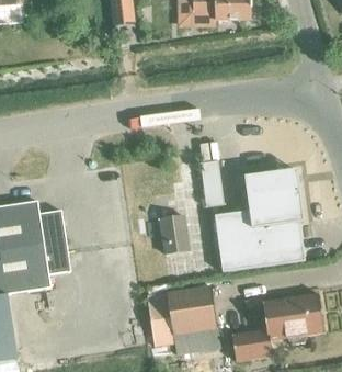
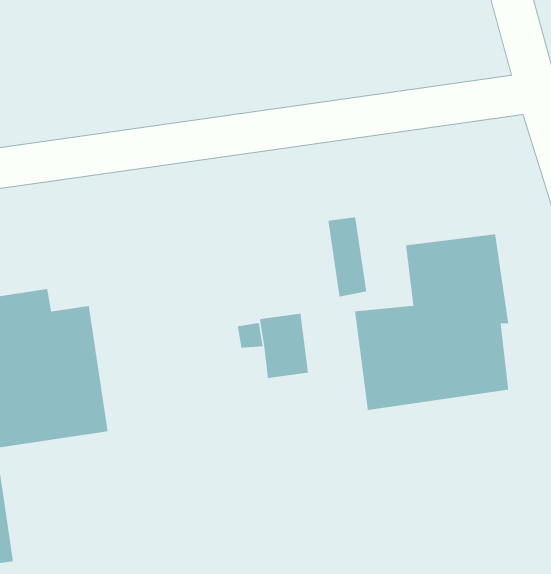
building: [147,285,219,353] -> none
building: [231,293,324,361] -> none

